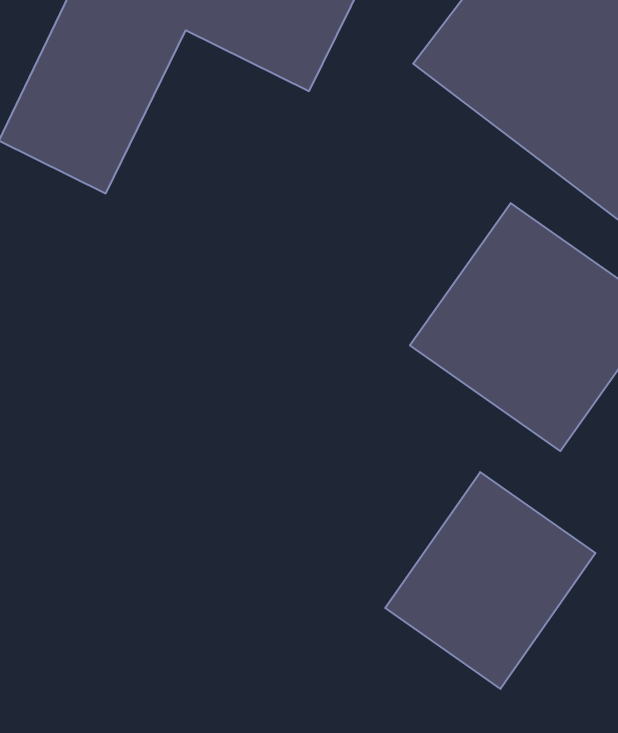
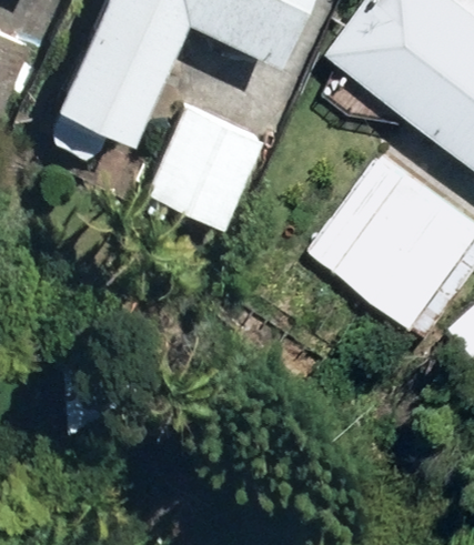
building: none -> [143,103,261,230]
building: [385,472,595,689] -> none

